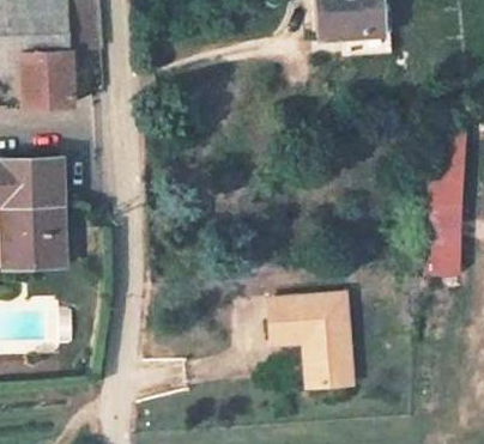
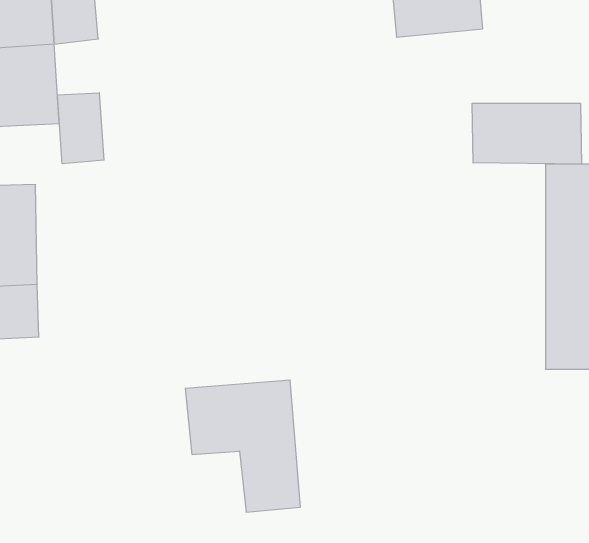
building: none -> [57,93,104,164]
building: none -> [472,103,582,164]
building: [271,298,352,391] -> [185,380,300,512]

